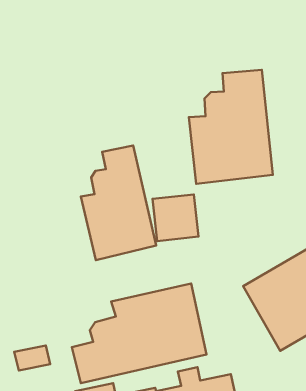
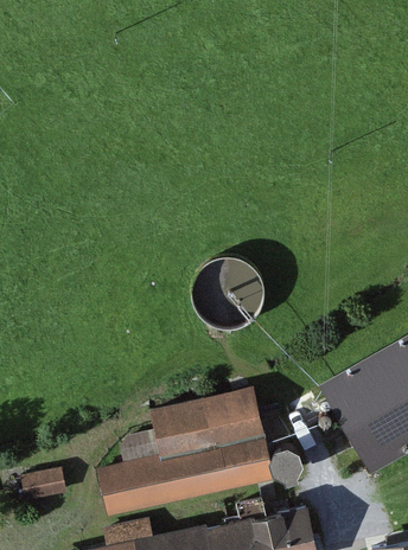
building: [189,70,273,184] -> none
building: [81,145,156,260] -> none

